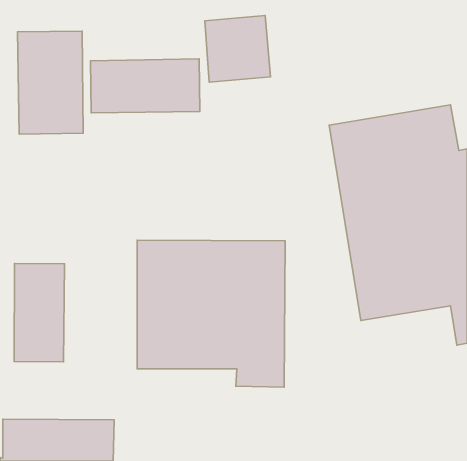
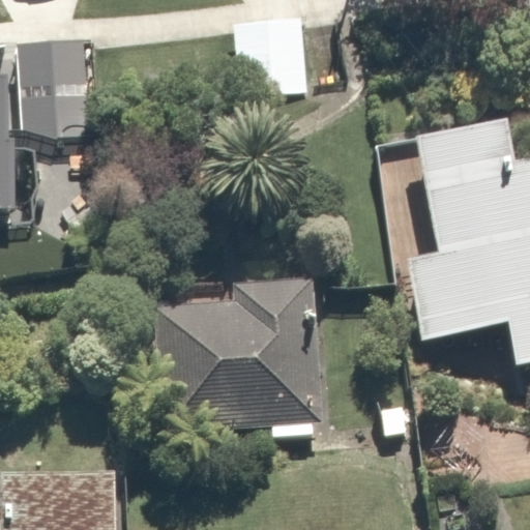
building: [90,59,200,113] -> none
building: [14,264,65,362] -> none

